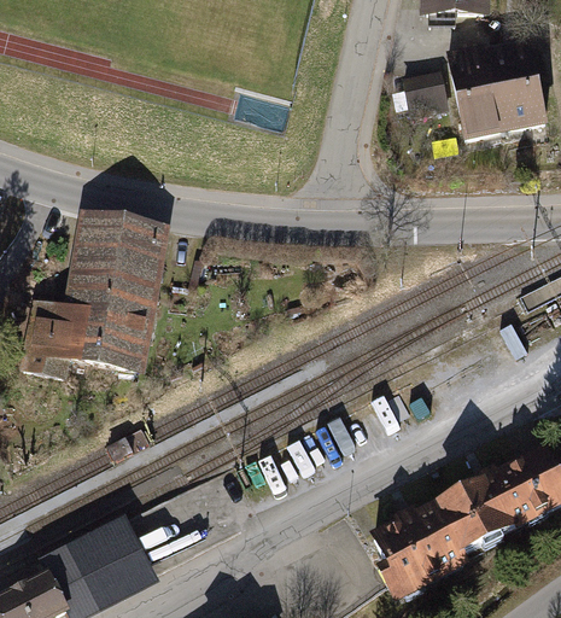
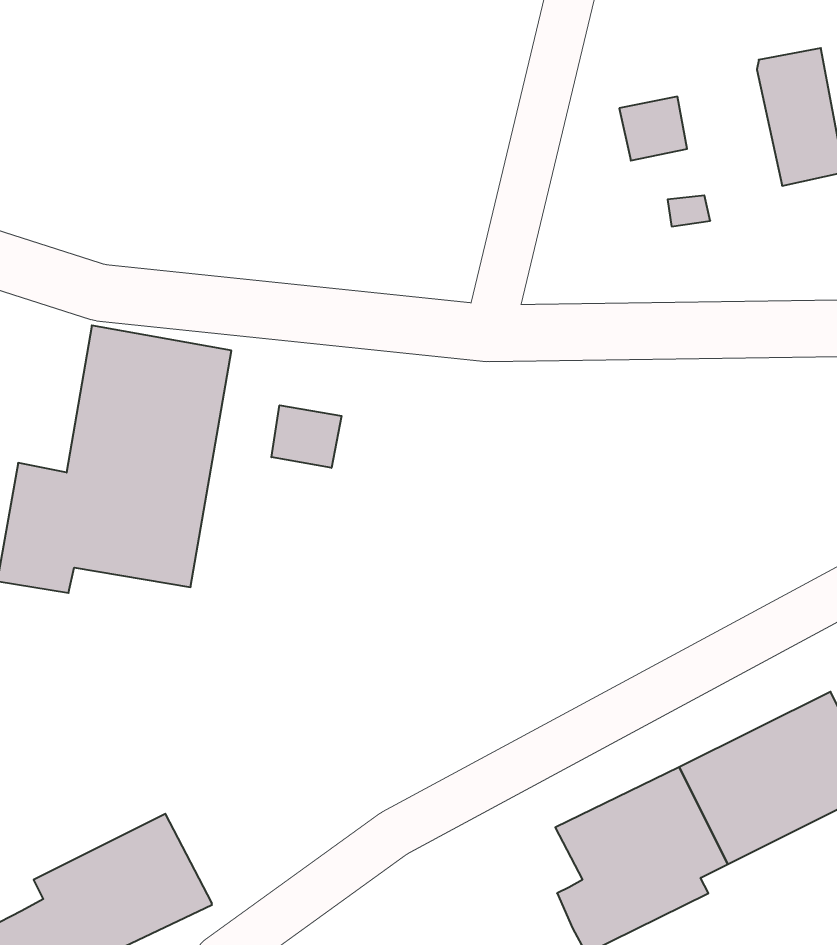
building: [452,45,509,135] -> none
building: none -> [271,405,342,468]

